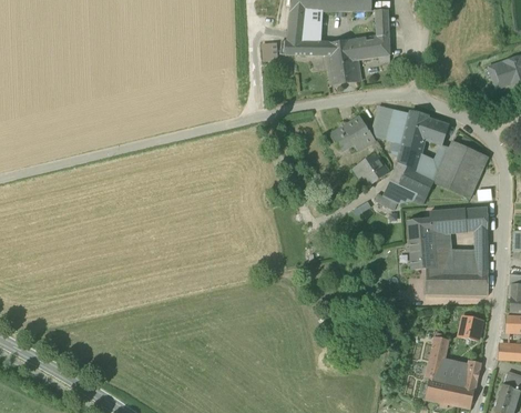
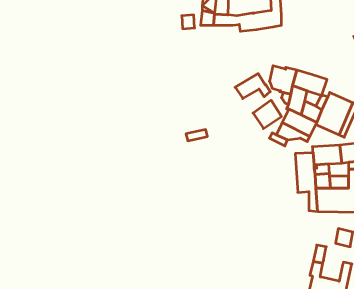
building: [326,53,360,83] -> none
building: [439,357,468,384] -> none

